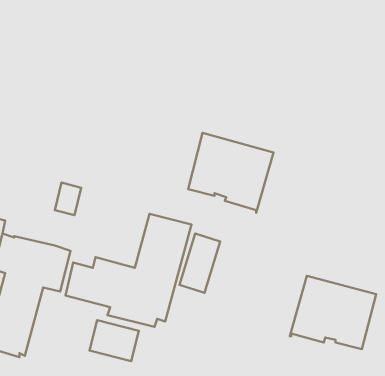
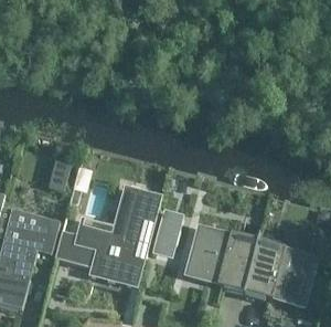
building: [188,133,273,213] -> [186,224,258,292]
building: [90,320,139,361] -> none

